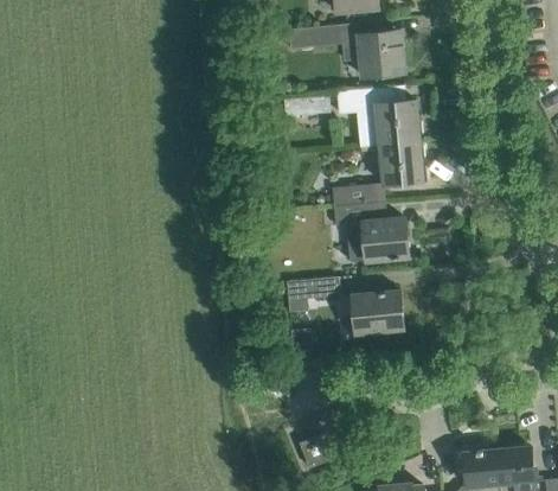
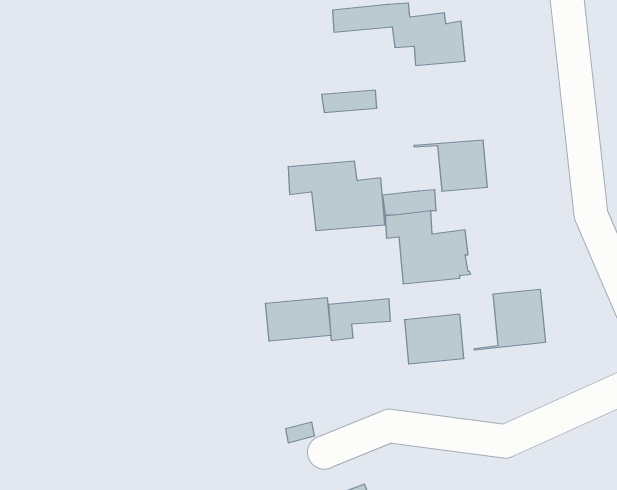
building: [336,85,419,145] -> [288,161,385,230]
building: none -> [474,289,545,350]
building: none -> [265,298,331,341]

